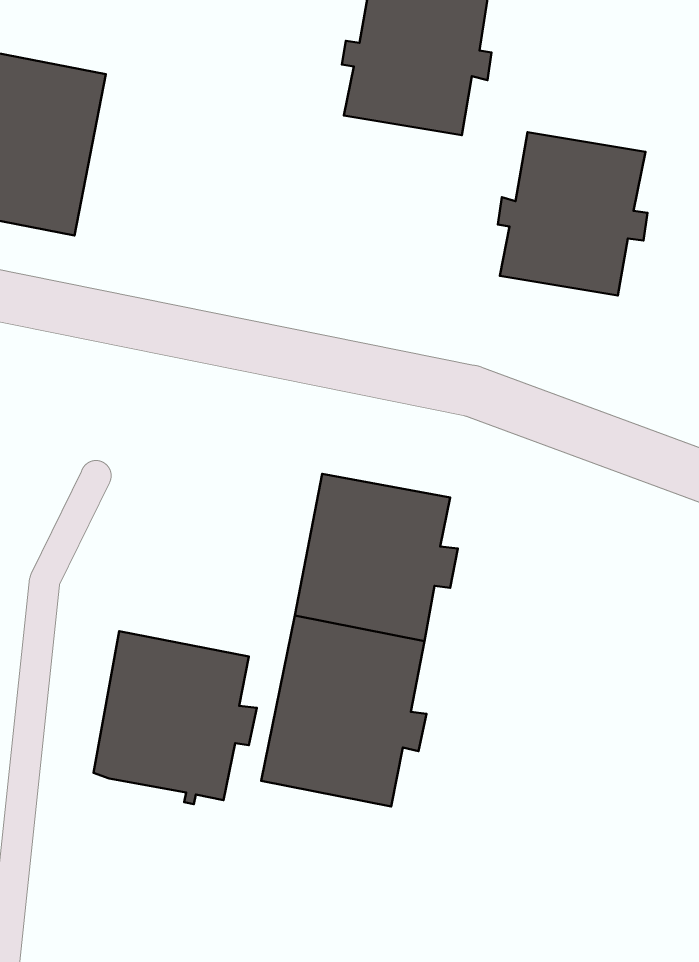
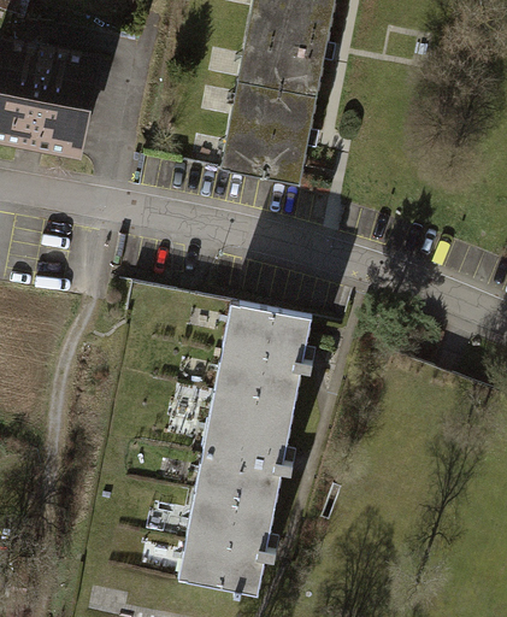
building: [498,132,647,296] -> [226,81,318,181]
building: [94,631,257,804] -> [178,488,278,594]

